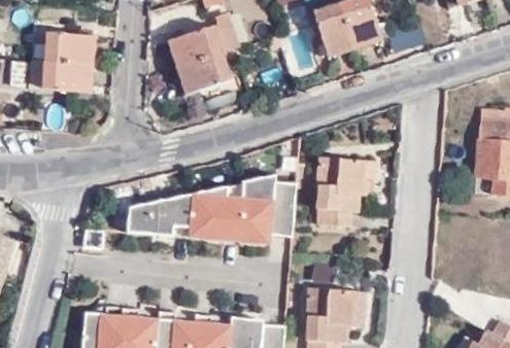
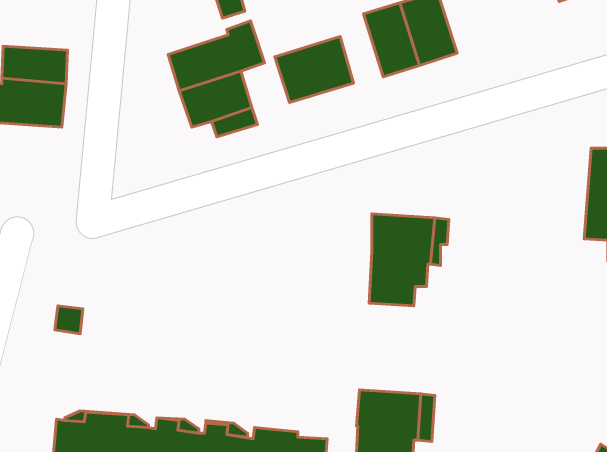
building: none -> [275,37,354,102]
building: [129,173,299,244] -> none

